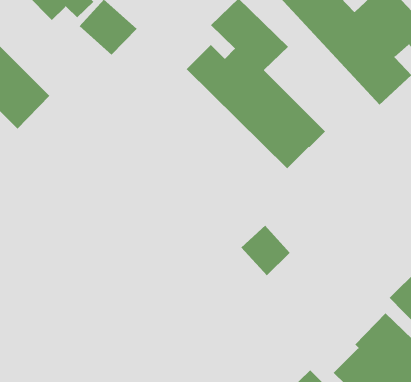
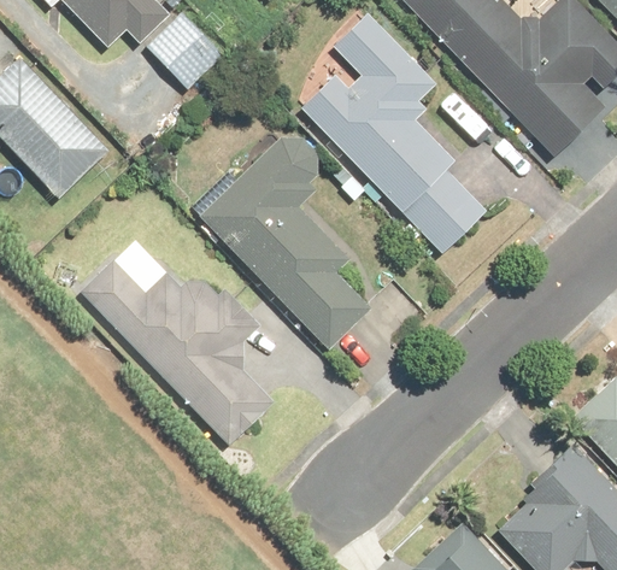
building: none -> [195,137,383,351]
building: none -> [82,259,280,447]
building: [241,225,290,276] -> none

